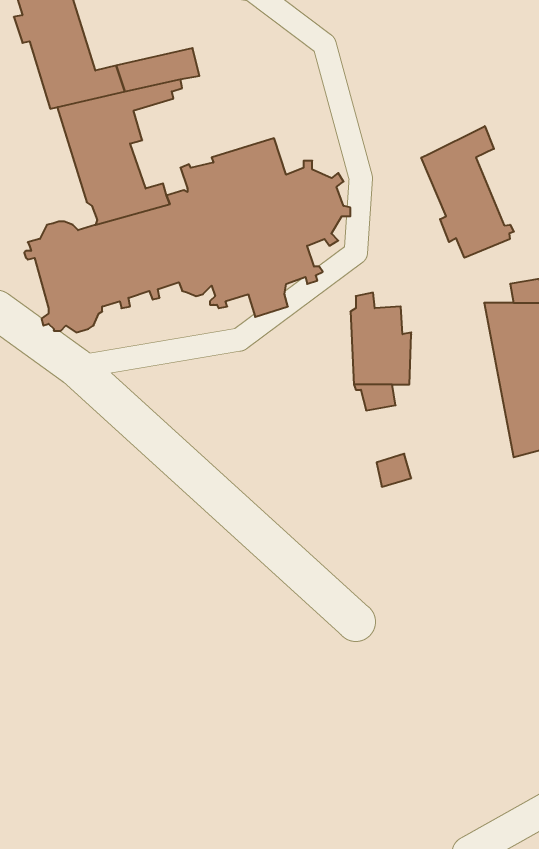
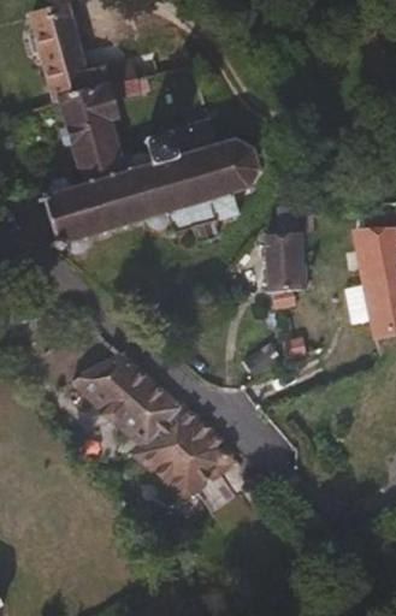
building: [421,126,514,258] -> none
building: none -> [71,353,232,502]

